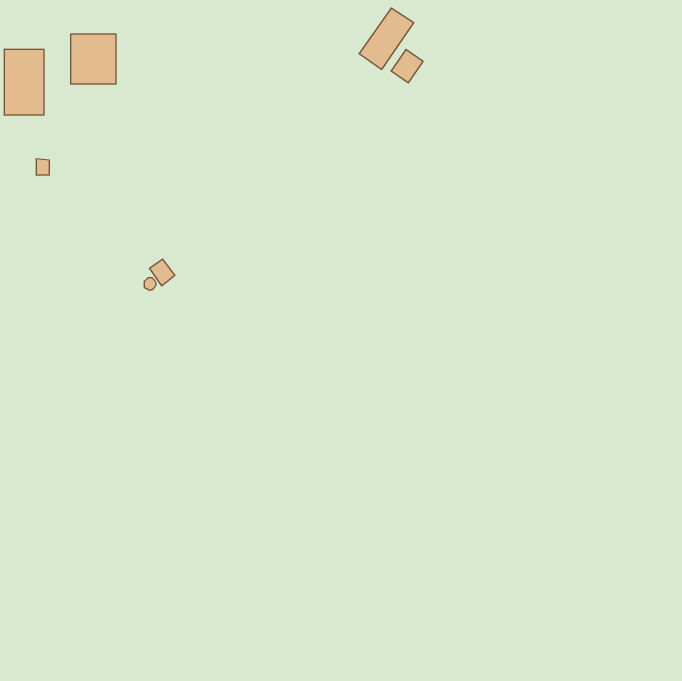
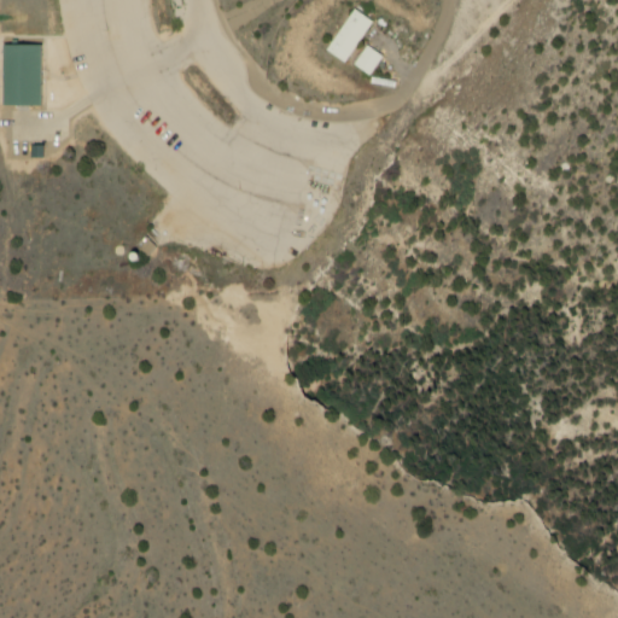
building: [71,34,116,84] -> none

